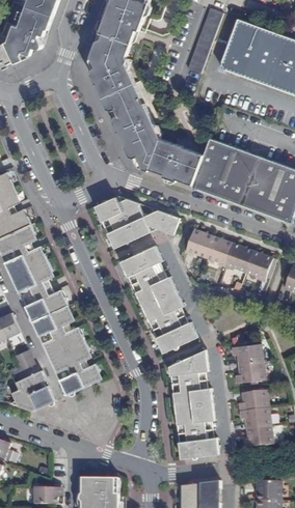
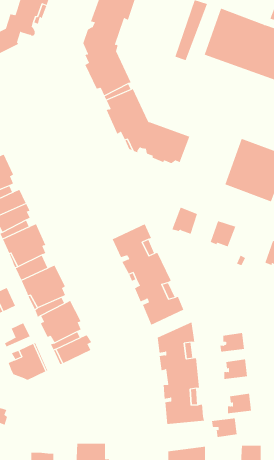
building: [191,138,258,204] -> none
building: [95,196,180,248] -> none
building: [205,235,233,265] -> none
building: [244,249,273,280] -> none
building: [232,342,260,364] -> none
building: [239,407,267,428] -> [211,418,237,437]

